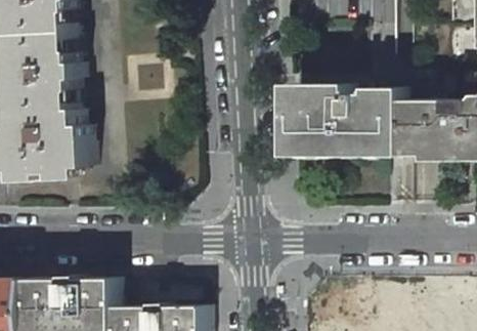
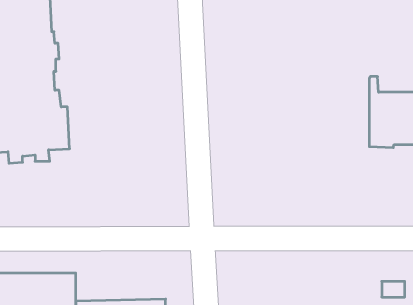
building: [285,87,399,157] -> none

